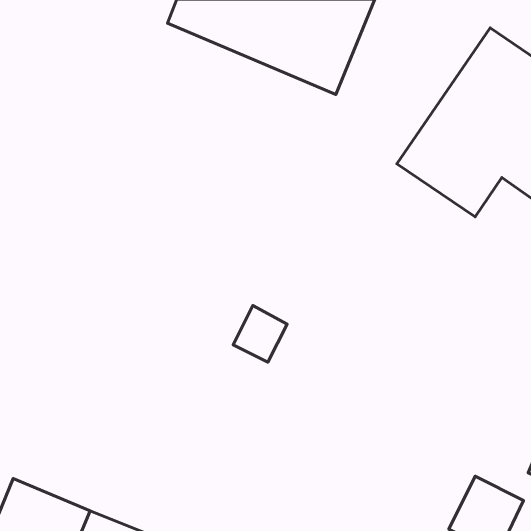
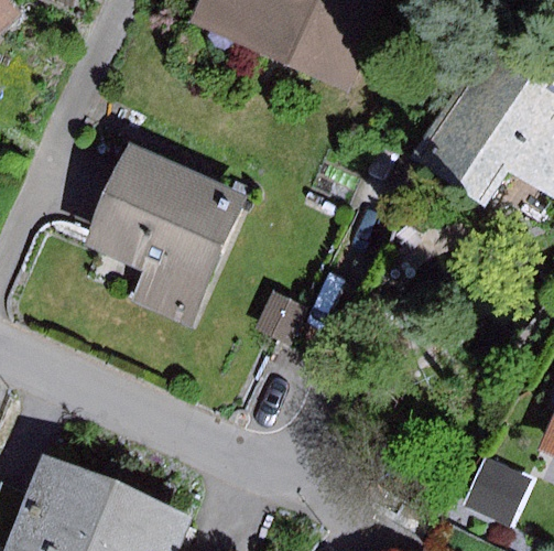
building: none -> [87,145,247,328]

